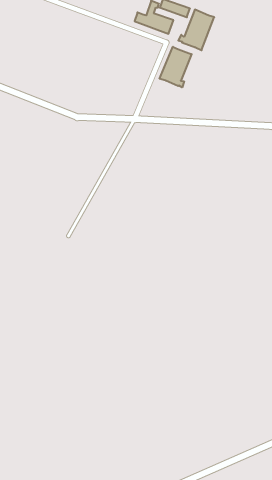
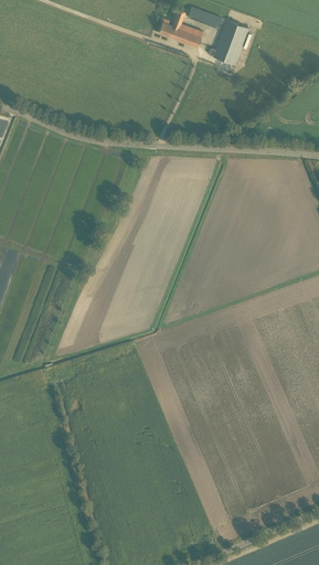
building: [160,47,192,87] -> none

